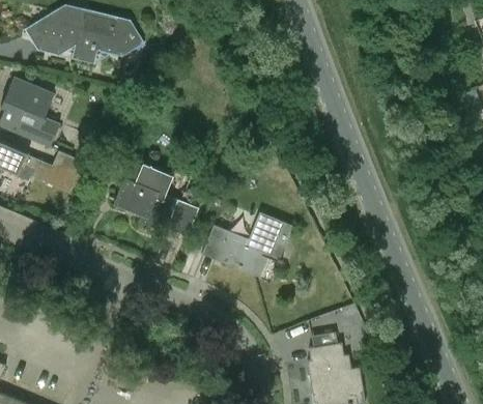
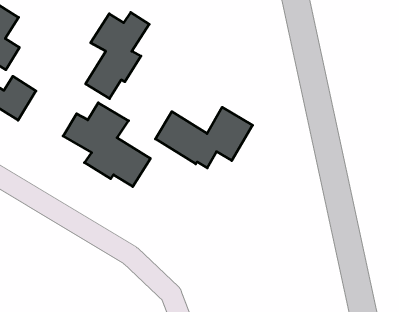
building: none -> [86,12,149,99]
building: [201,212,290,271] -> [155,107,253,168]

